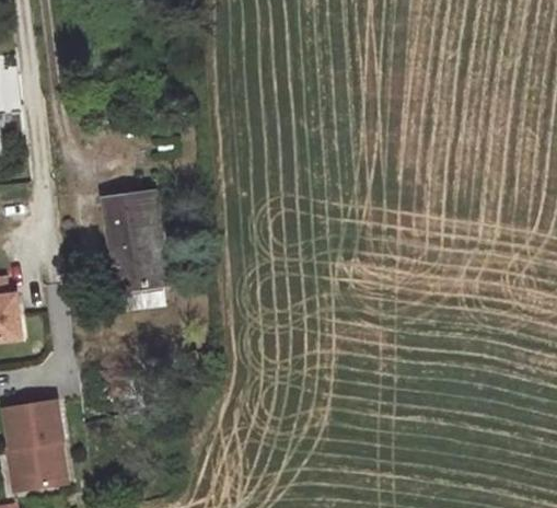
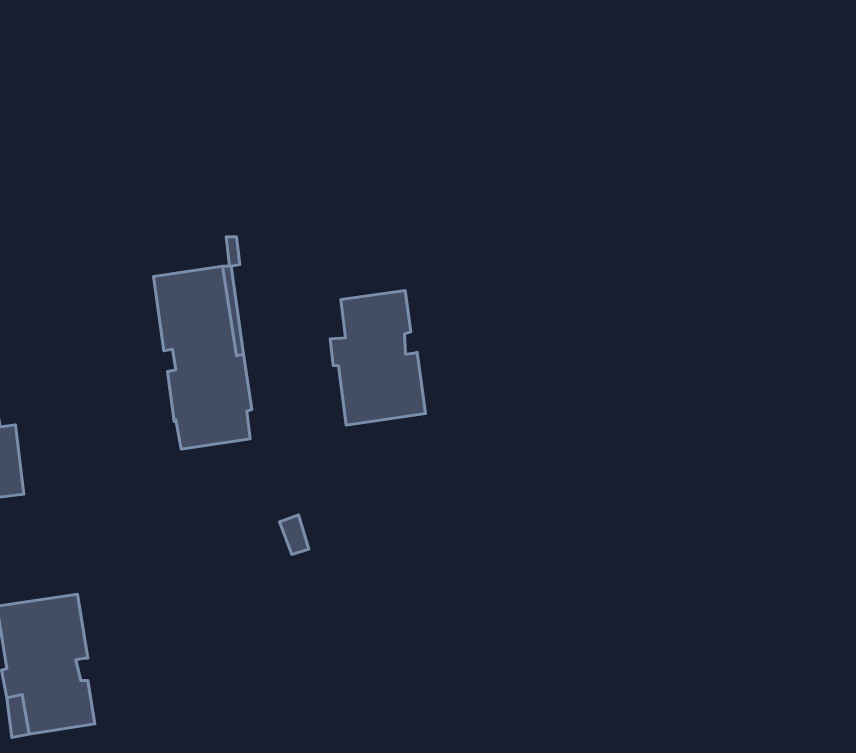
building: none -> [330,290,426,425]

